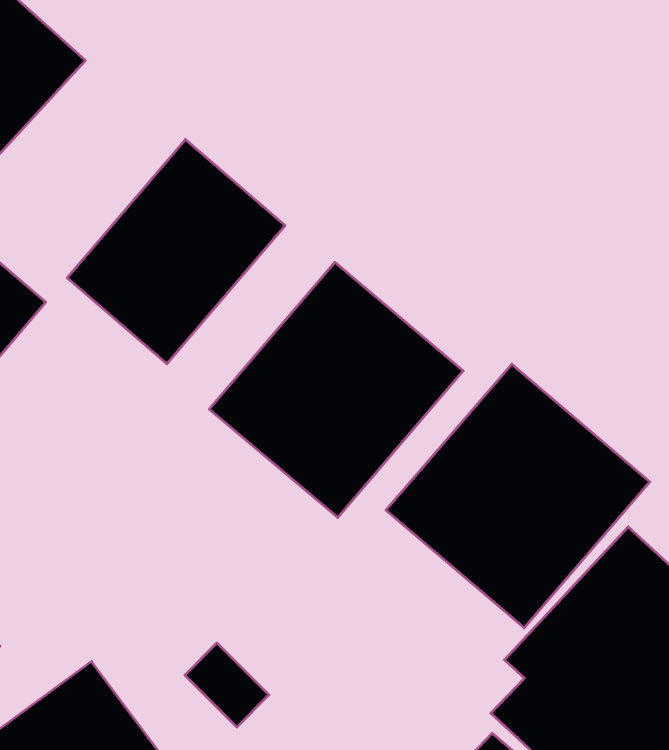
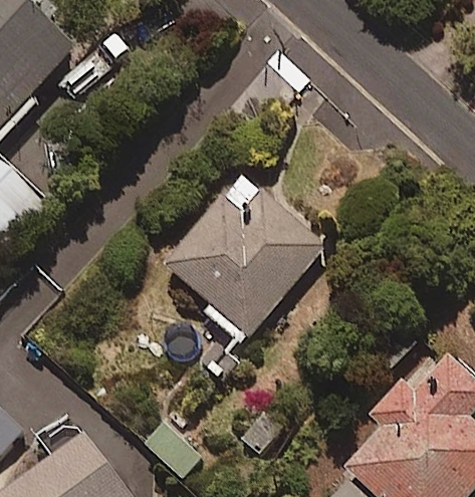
building: [67,139,285,364] -> none
building: [386,364,650,628] -> none

